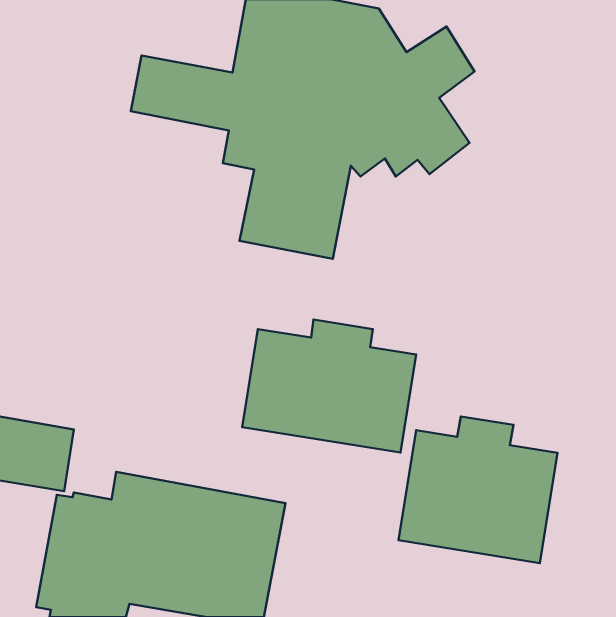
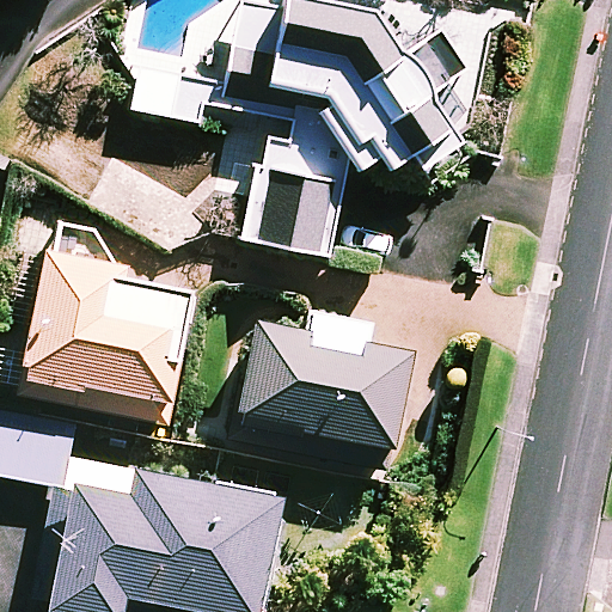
building: none -> [23,253,192,402]
building: [398,417,557,563] -> none

